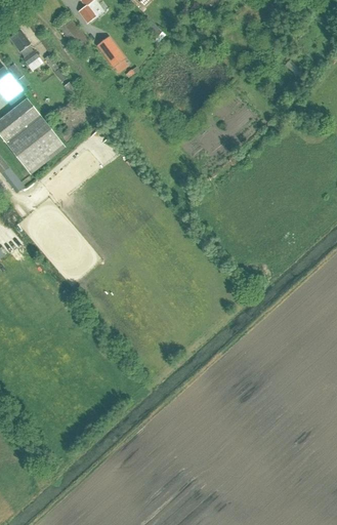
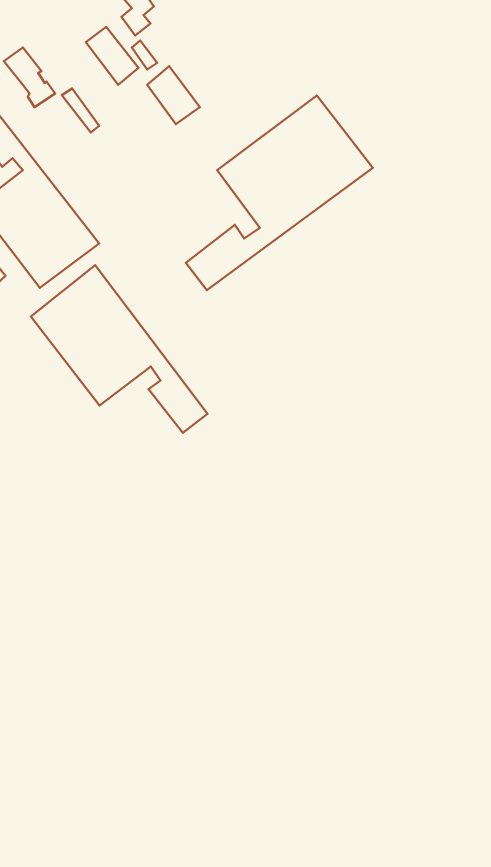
building: none -> [186,95,373,290]
building: none -> [31,265,207,433]

